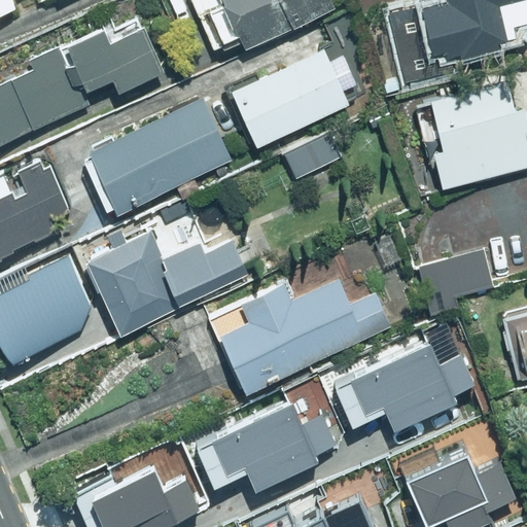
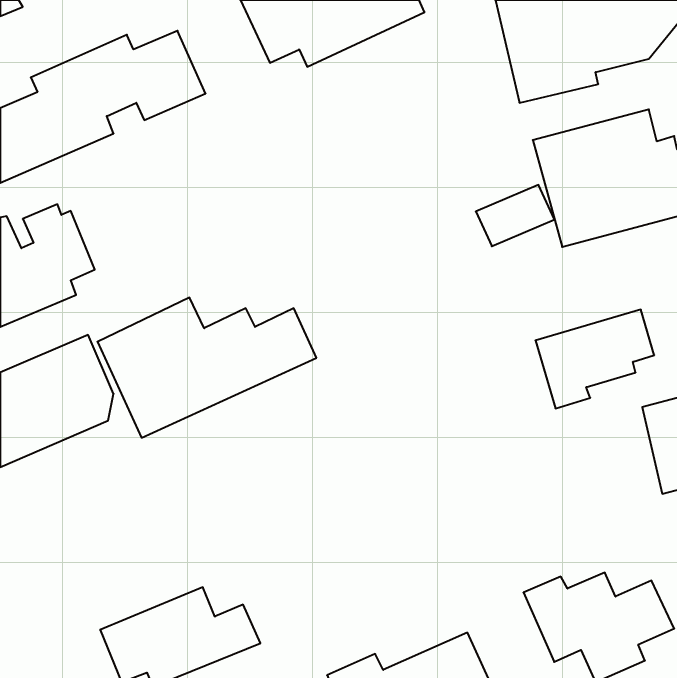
building: [227,48,356,147] -> none
building: [83,99,232,215] -> none
building: [283,133,344,180] -> [476,185,555,246]
building: [213,278,392,399] -> none
building: [339,338,480,420] -> none
building: [200,397,342,480] -> none

